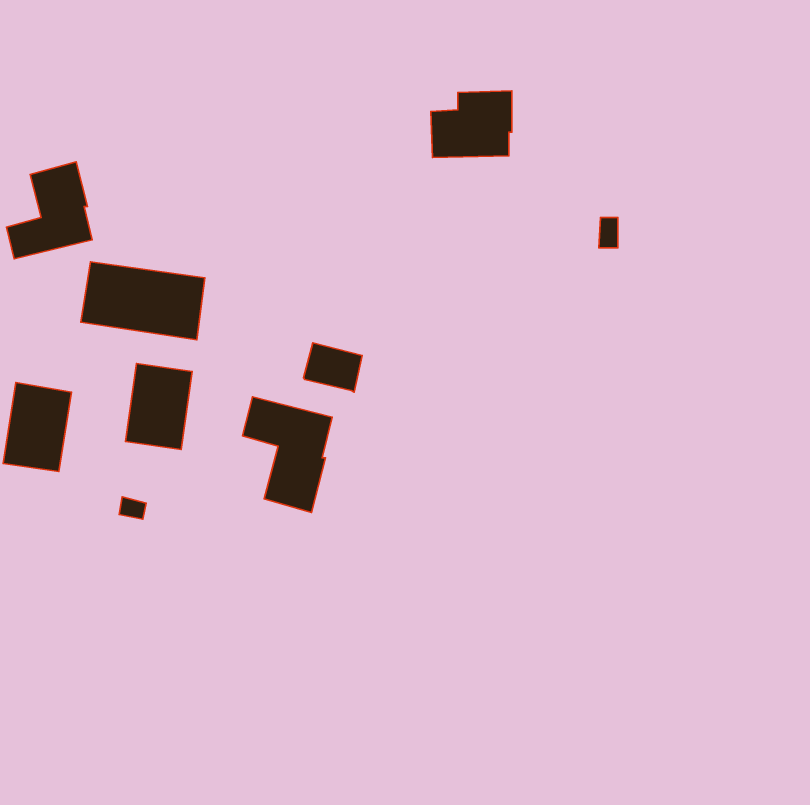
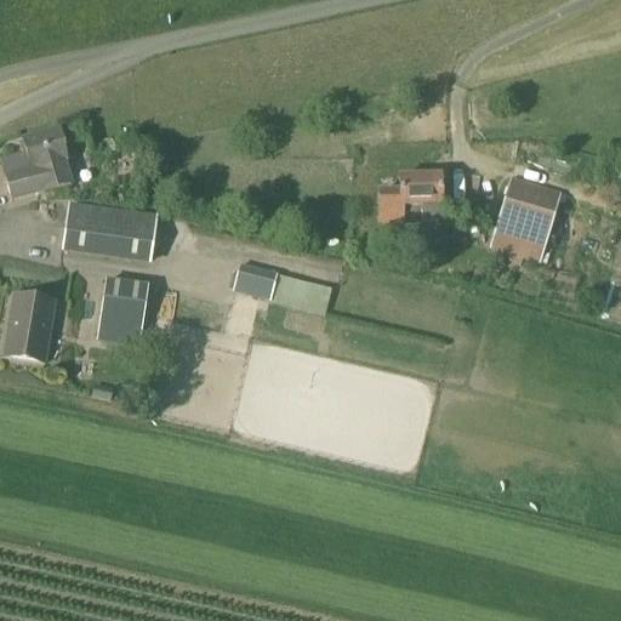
building: [431,91,512,158] -> [380,172,441,223]
building: none -> [491,175,563,258]
building: [242,397,332,512] -> none

